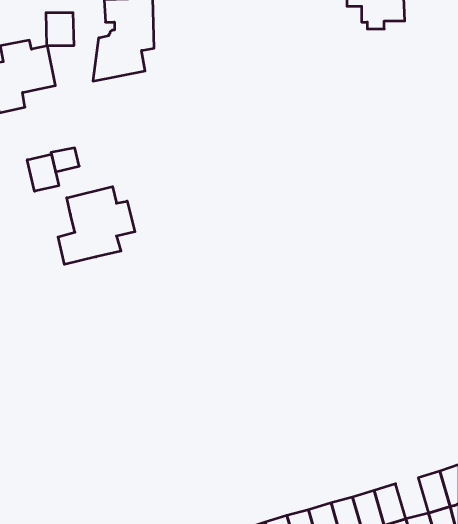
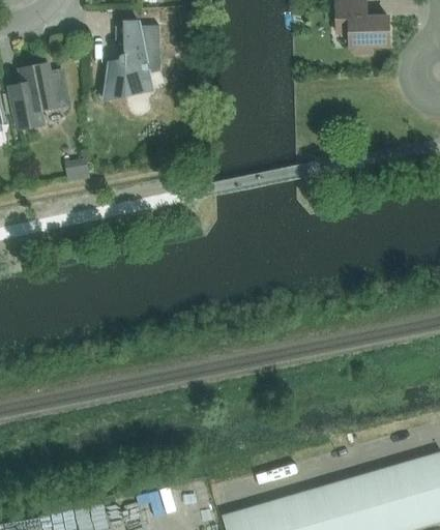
building: [46,13,74,46] -> none
building: [27,154,59,191] -> none
building: [58,187,135,264] -> none
building: none -> [381,464,411,501]

